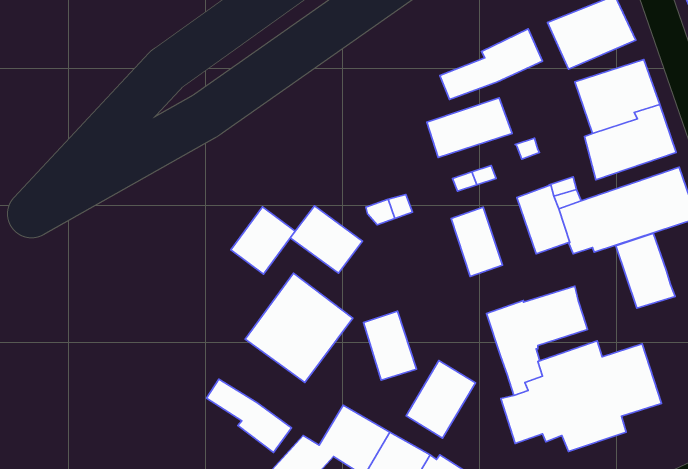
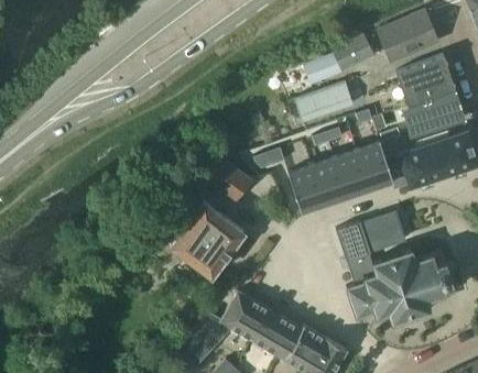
building: none -> [334,149,370,195]
building: [231,207,295,274] -> none
building: [616,233,675,308] -> none
building: [364,311,417,380] -> [289,163,325,210]
building: [406,361,475,438] -> none
building: [207,379,291,453] -> none

